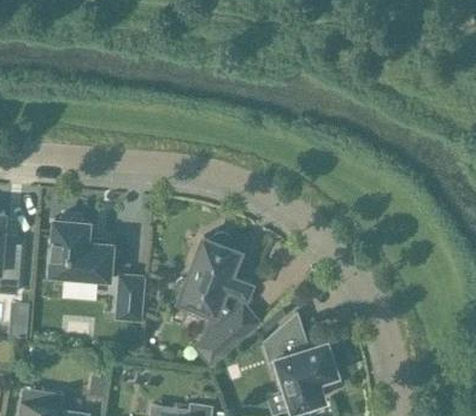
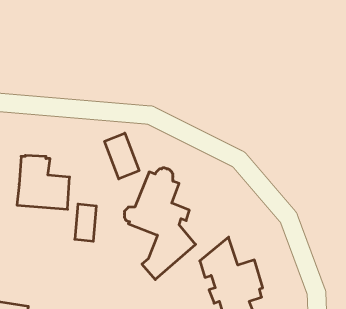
building: none -> [105,133,139,179]

